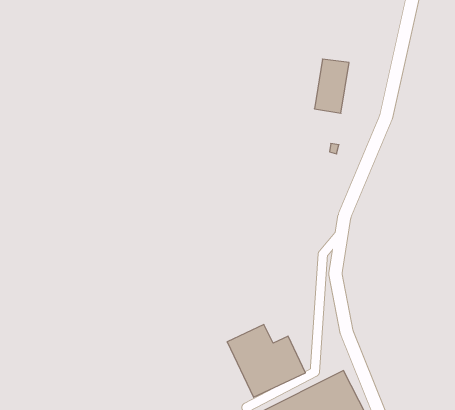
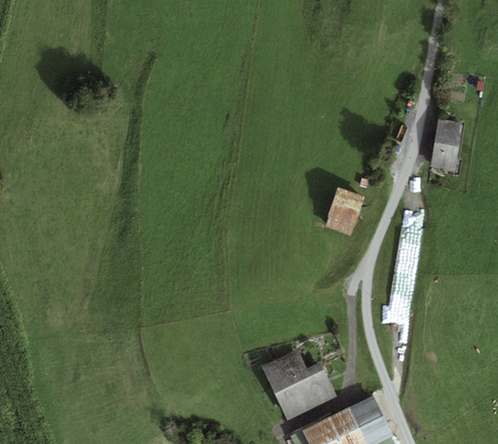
building: [314,59,349,113] -> [429,119,462,171]
building: none -> [324,186,364,235]

